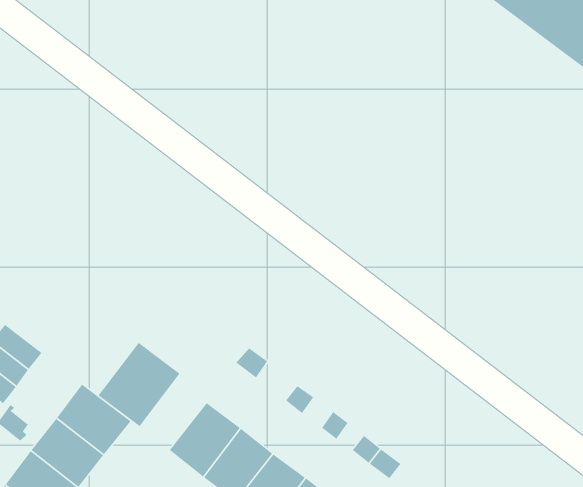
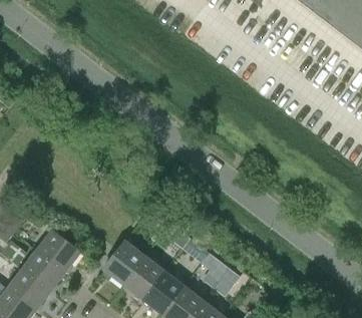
building: [98,342,181,427] -> none

